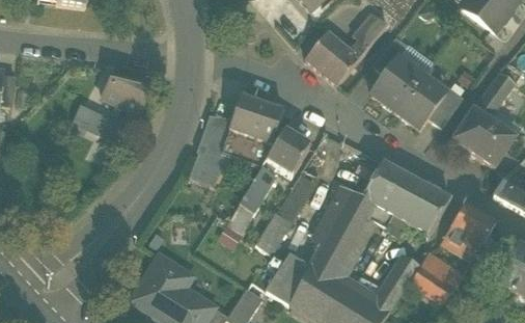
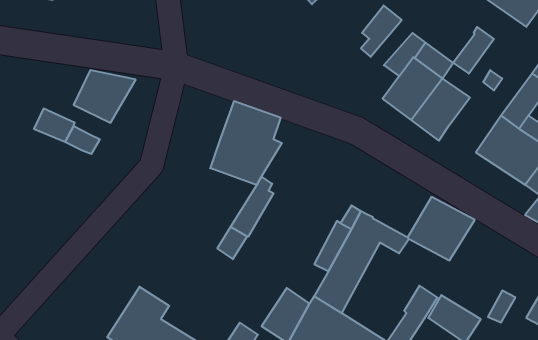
building: [306,30,361,84] -> none
building: [429,85,464,126] -> [453,27,494,74]
building: [190,120,230,184] -> none
building: [267,129,311,176] -> none
building: [363,160,414,213] -> none
building: [256,167,321,252] -> none
building: [442,204,496,257] -> none

